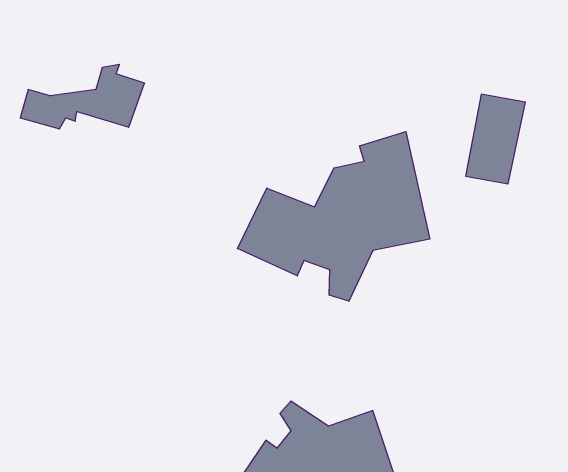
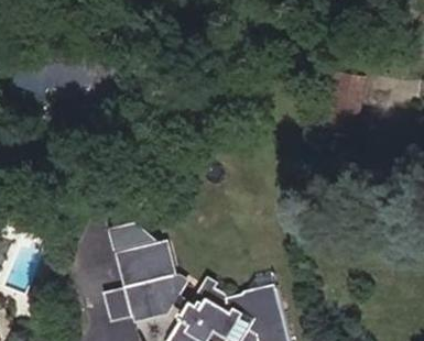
building: [237,132,430,301] -> none
building: none -> [95,218,185,318]

